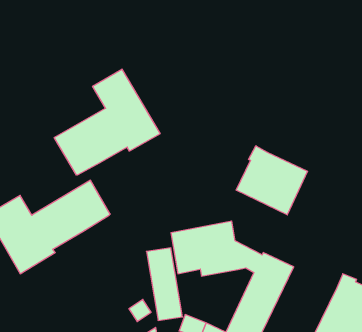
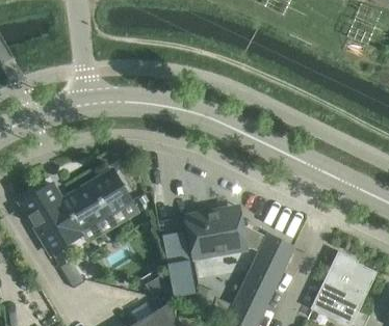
building: [54,69,160,175] -> none
building: [236,146,308,215] -> none

